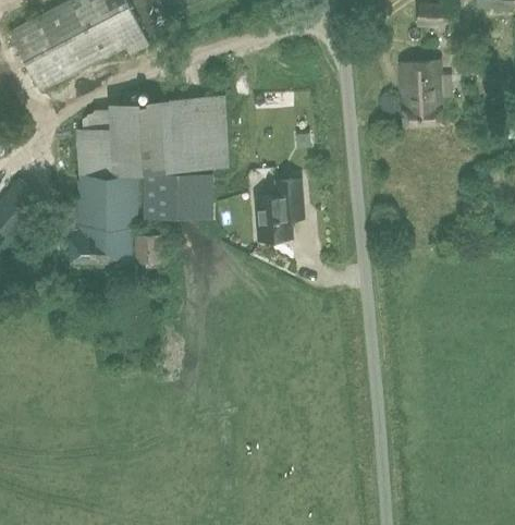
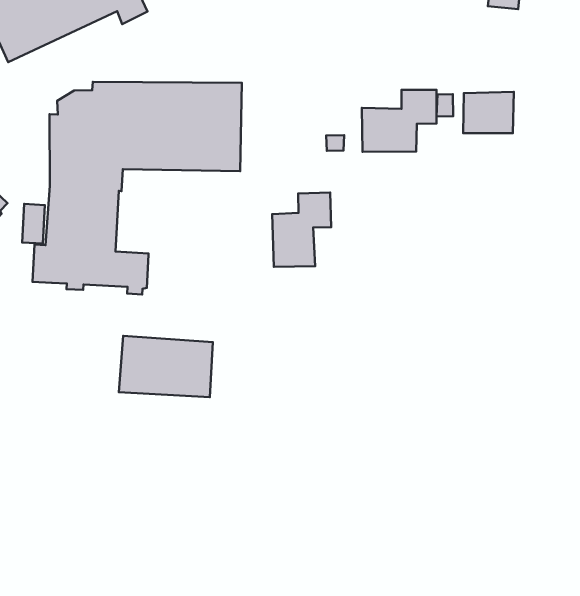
building: [400,61,441,96] -> none
building: none -> [362,90,437,152]
building: [143,173,214,218] -> [119,336,213,397]

